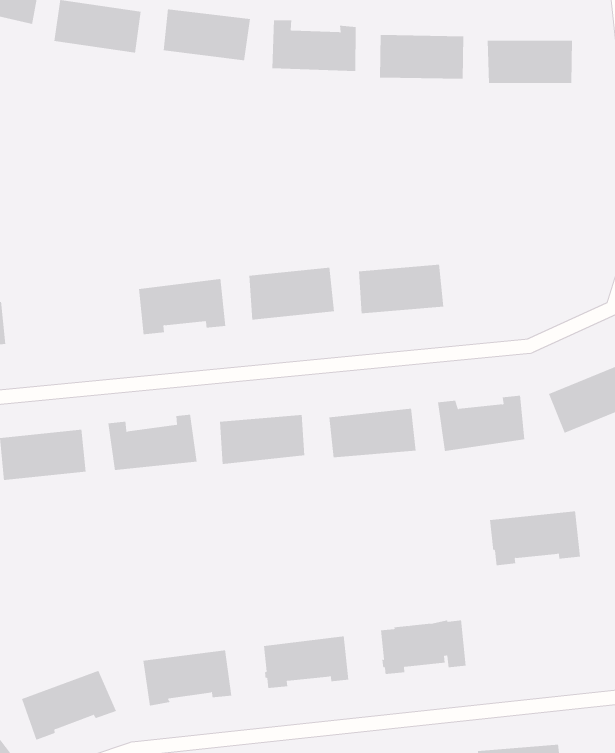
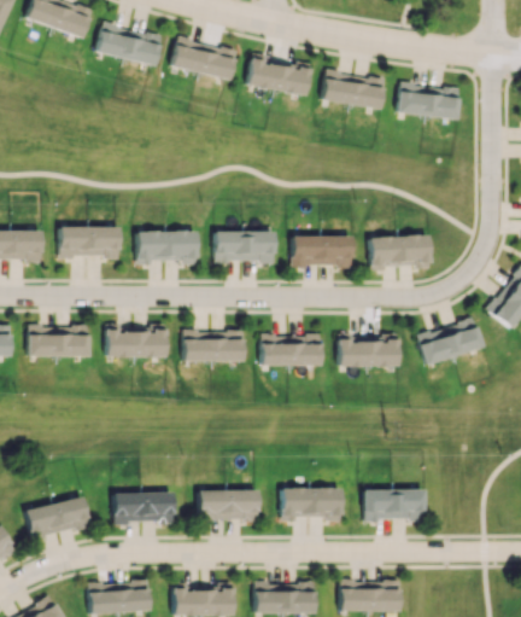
building: none -> [370,235,429,270]
building: none -> [60,227,119,257]
building: [489,511,581,566] -> [363,489,425,522]

